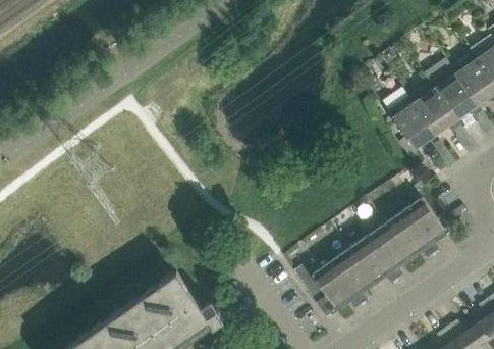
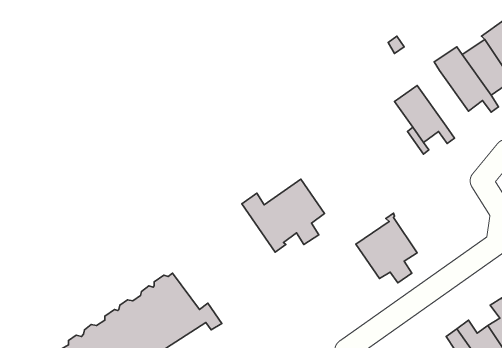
building: [409,81,465,135] -> none
building: [387,196,445,257] -> none
building: [295,246,374,315] -> [242,179,324,252]

